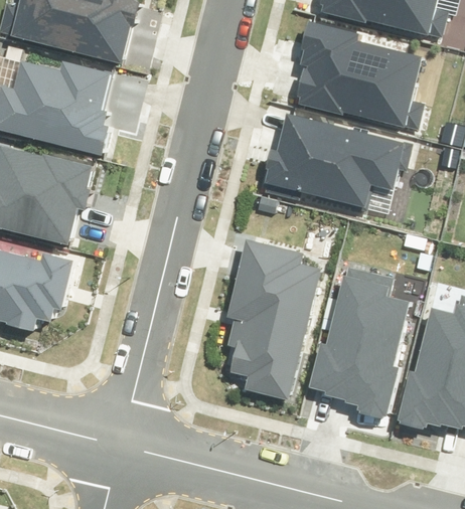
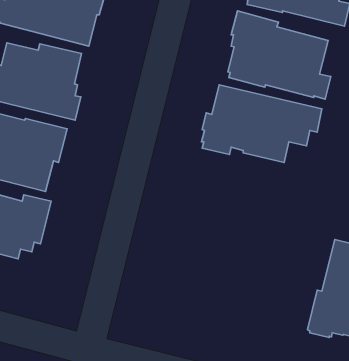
building: [226,238,322,400] -> none
building: [307,265,412,419] -> none

